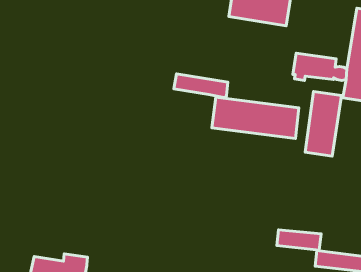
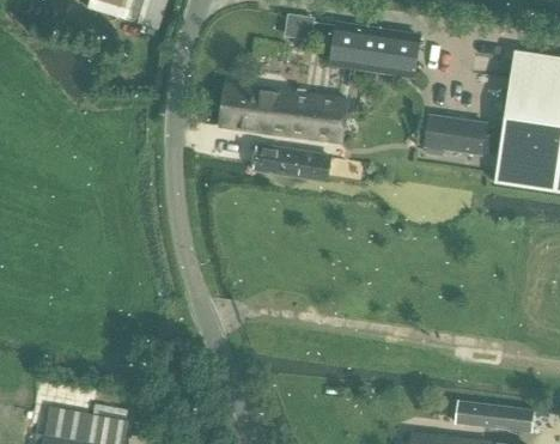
building: [305,91,341,156] -> none
building: [212,97,299,139] -> [220,81,346,141]
building: [277,230,321,250] -> none

